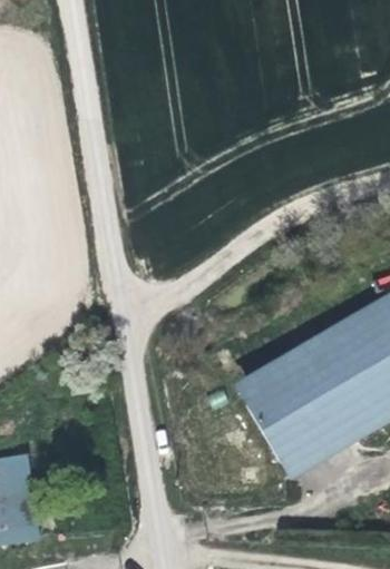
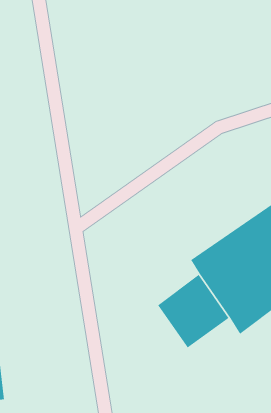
building: [226,354,293,412] -> none
building: [279,429,345,488] -> none

